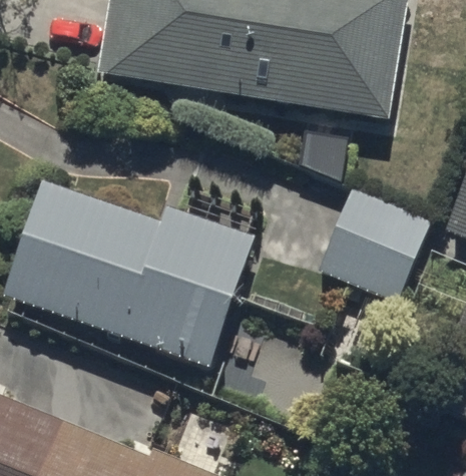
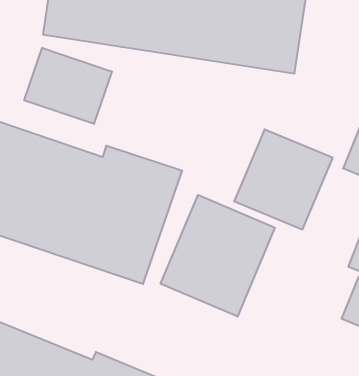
building: none -> [24,48,112,124]
building: none -> [161,195,275,317]

